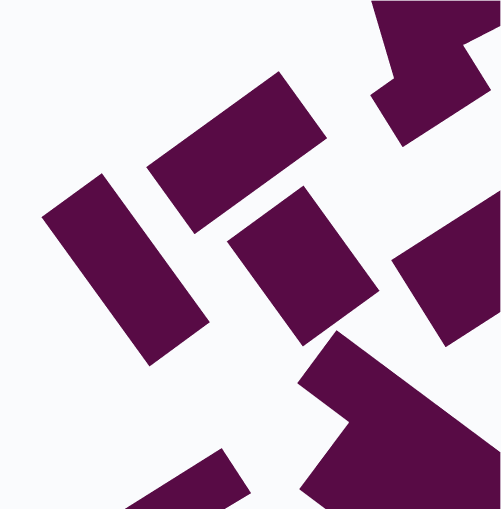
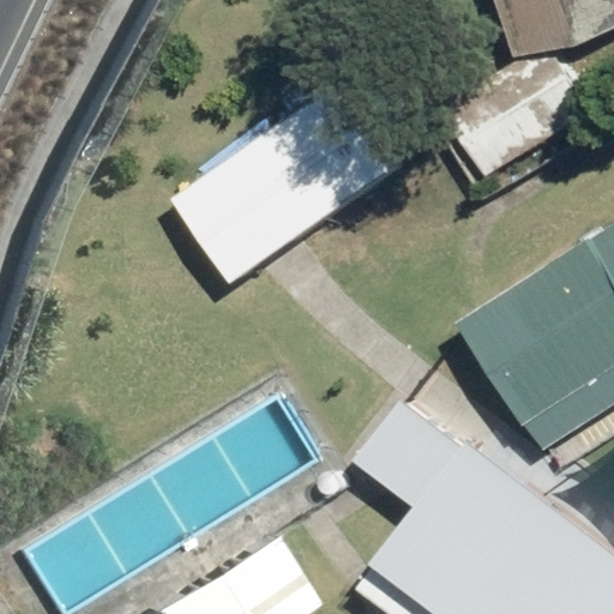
building: [40,172,211,367] -> none
building: [226,185,381,348] -> none

